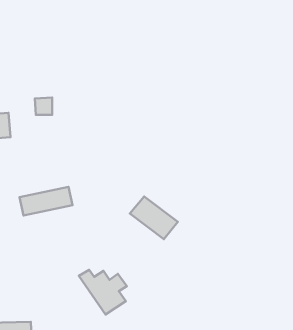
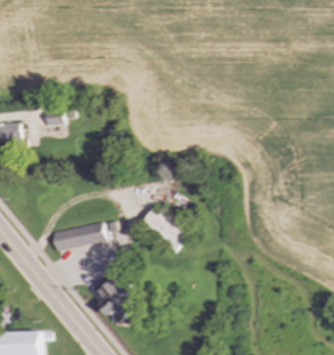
building: [19,187,72,215] -> [51,222,104,251]

